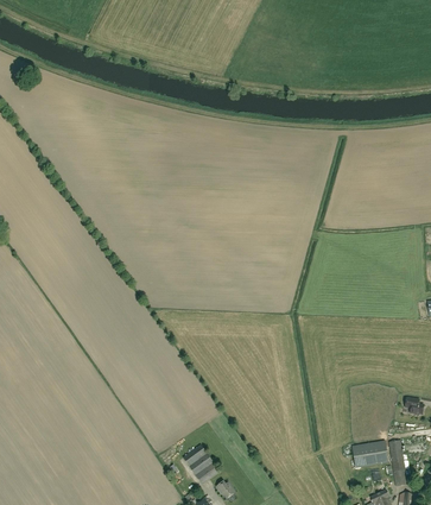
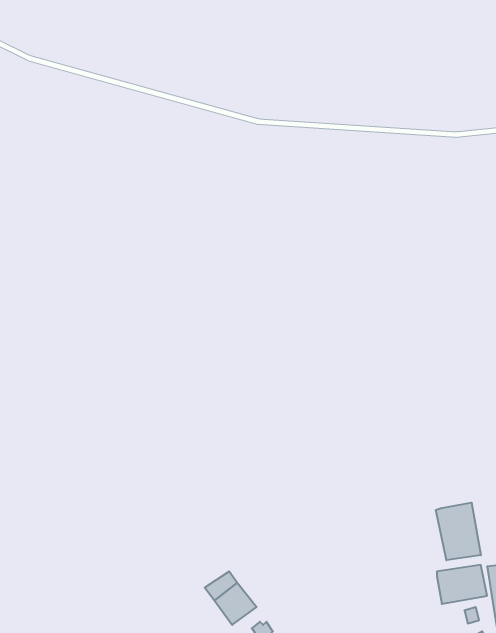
building: none -> [436,503,481,560]

